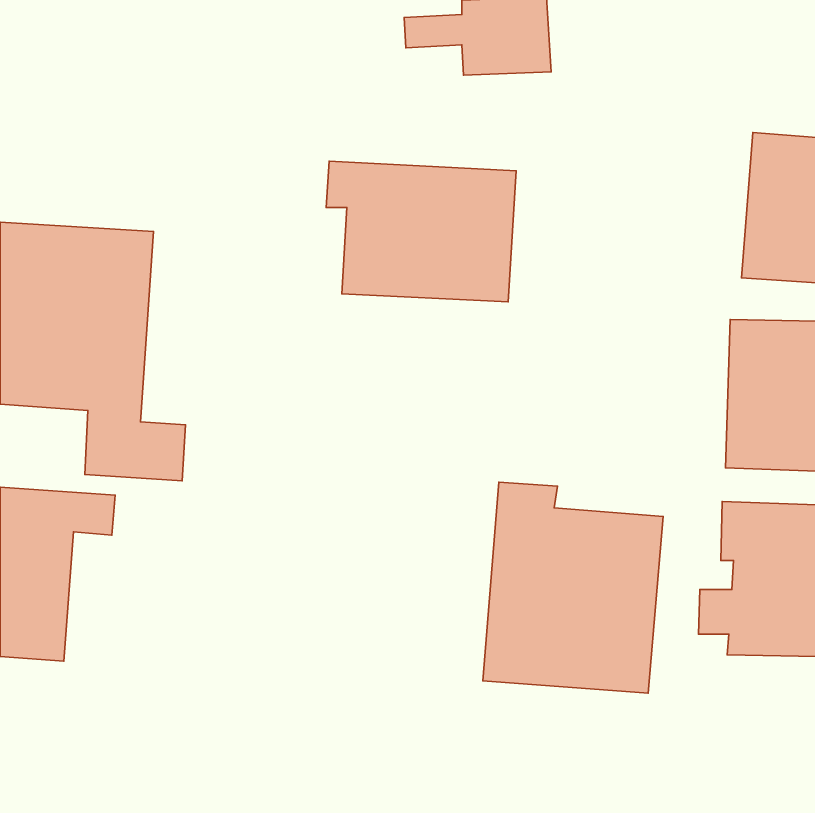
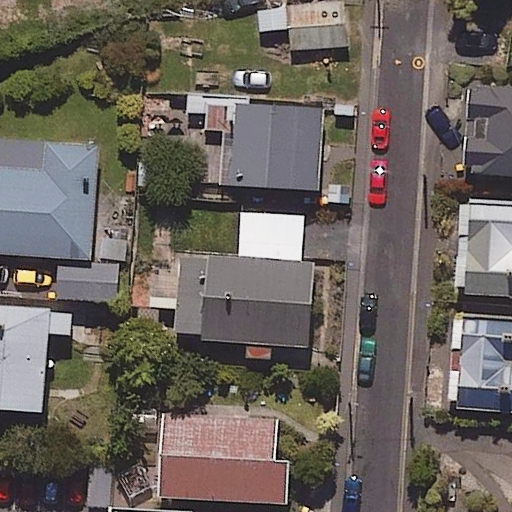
building: none -> [152,210,314,363]
building: [483,482,663,693] -> none
building: none -> [158,415,290,504]

